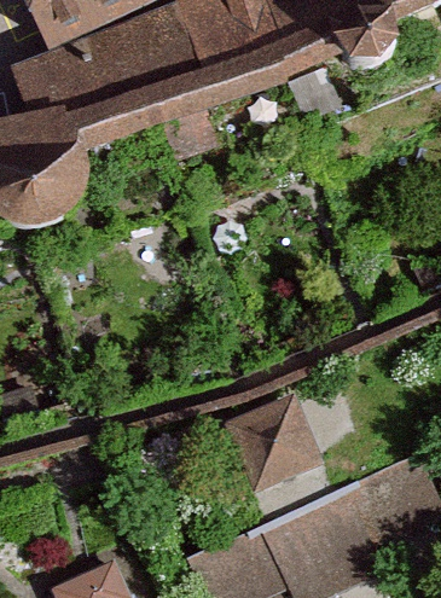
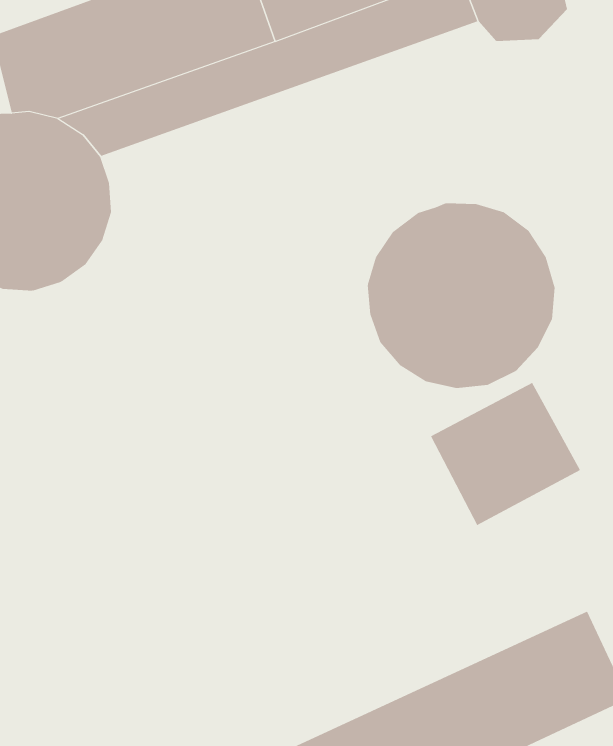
building: none -> [367,202,555,389]
building: [228,388,330,484] -> [430,382,581,526]

